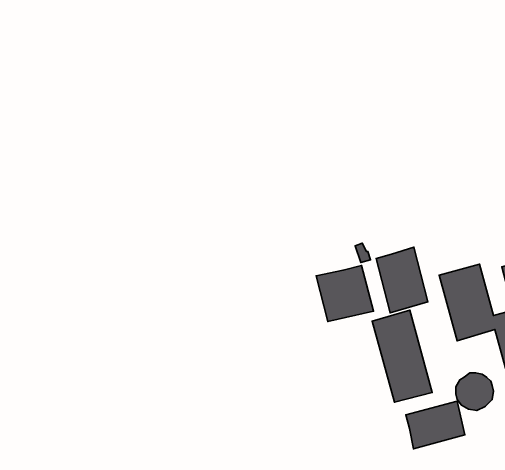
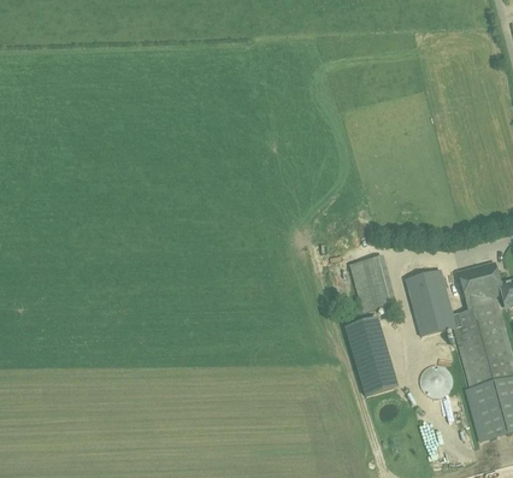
building: [316,266,373,322] -> none
building: [406,401,465,449] -> none

